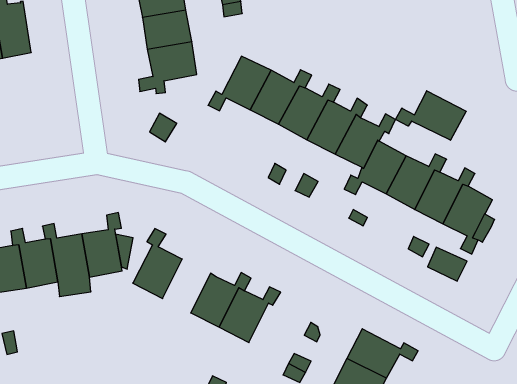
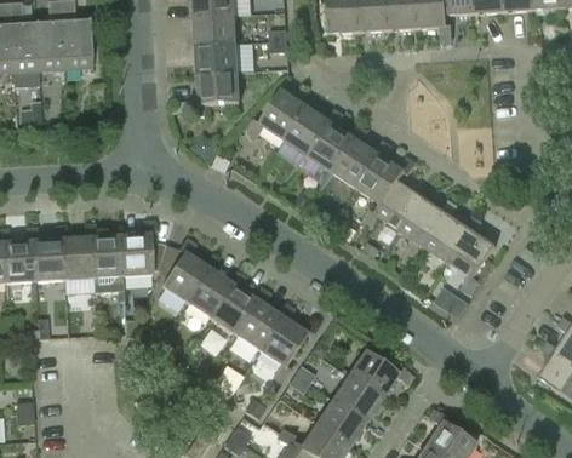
building: [395,91,466,140] -> none
building: none -> [187,269,245,319]
building: none -> [261,317,307,382]

